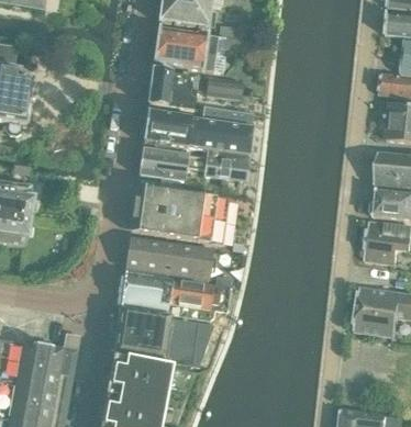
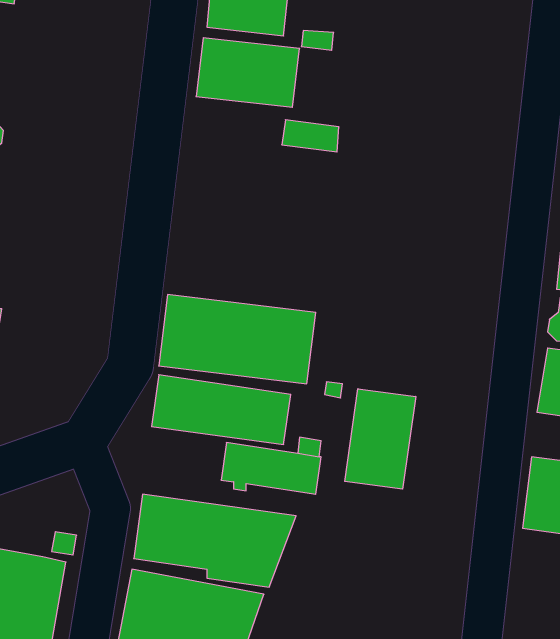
building: [147,67,196,110] -> none
building: [143,105,251,151] -> none
building: [137,147,247,178] -> none
building: none -> [345,389,416,489]
building: [120,271,171,310] -> none

